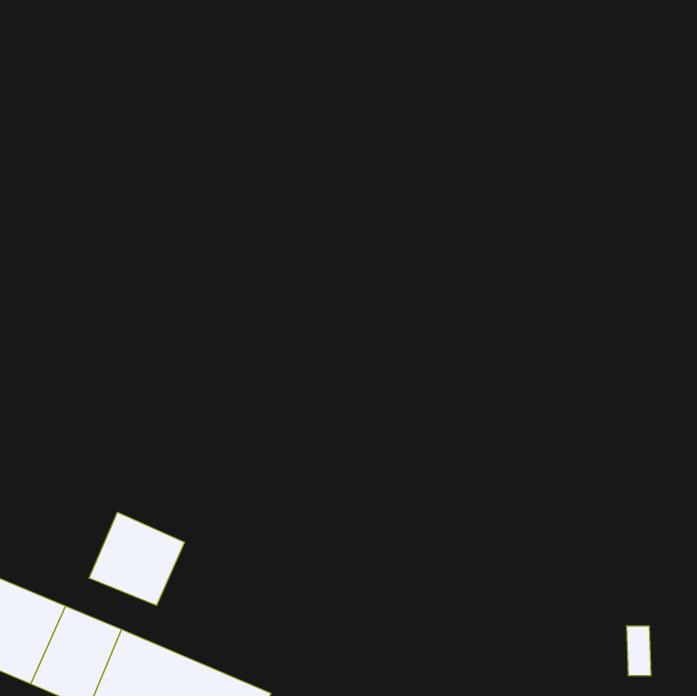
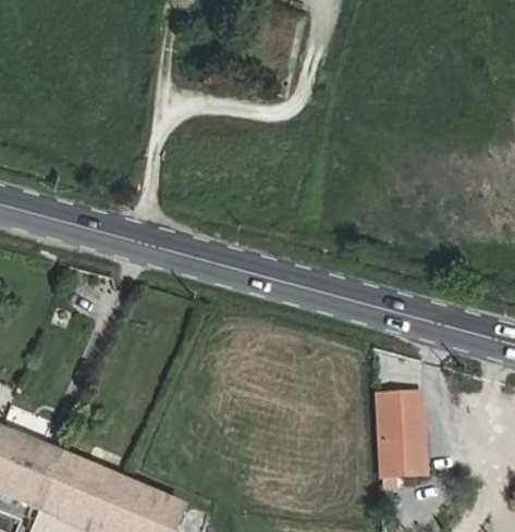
building: [89,512,185,606] -> none
building: none -> [381,393,422,473]

